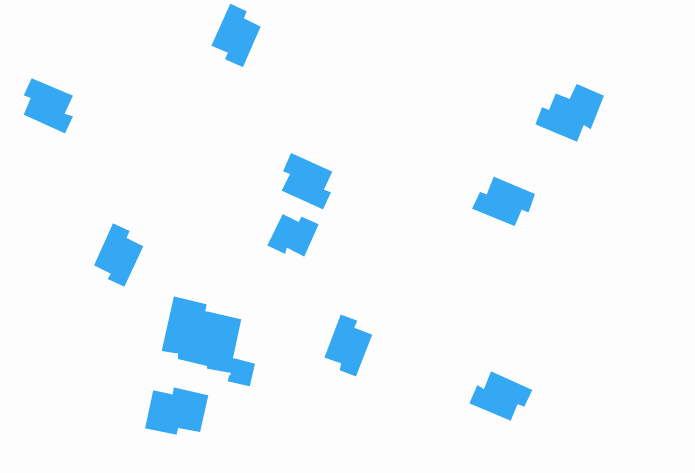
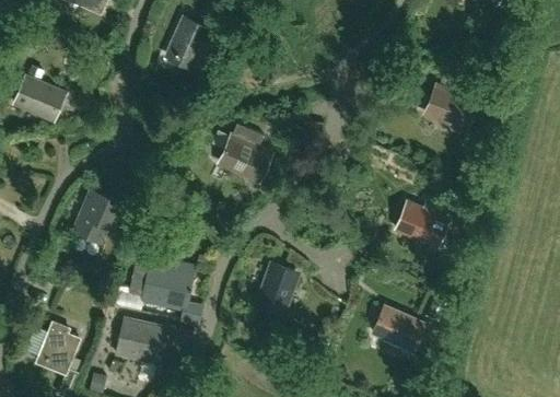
building: [471,176,536,227] -> [395,205,446,245]
building: [266,213,319,257] -> none
building: none -> [38,323,79,374]

